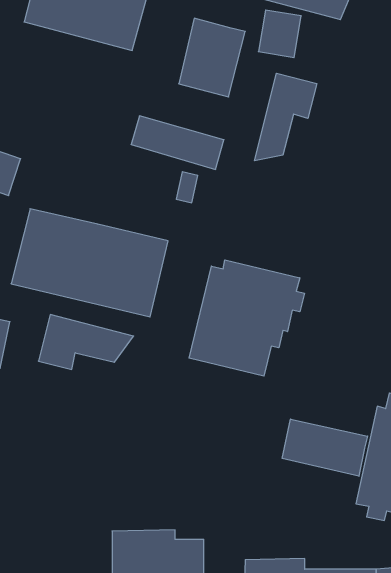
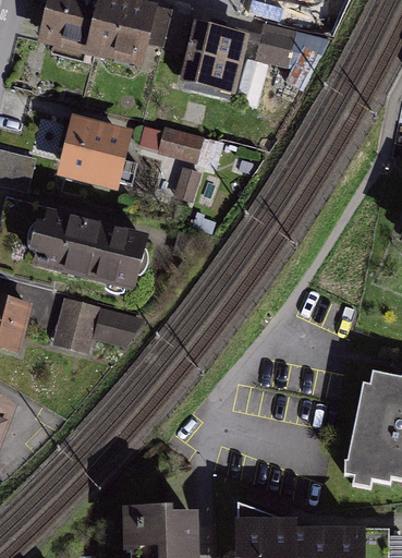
building: [254,73,317,161] -> none
building: none -> [60,113,131,181]
building: [189,260,304,376] -> none
building: [282,419,368,476] -> none

